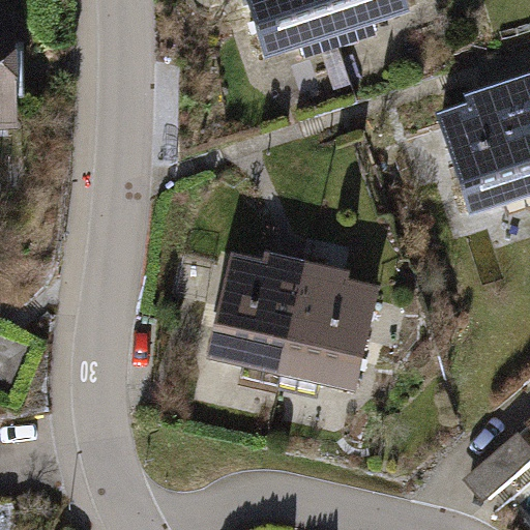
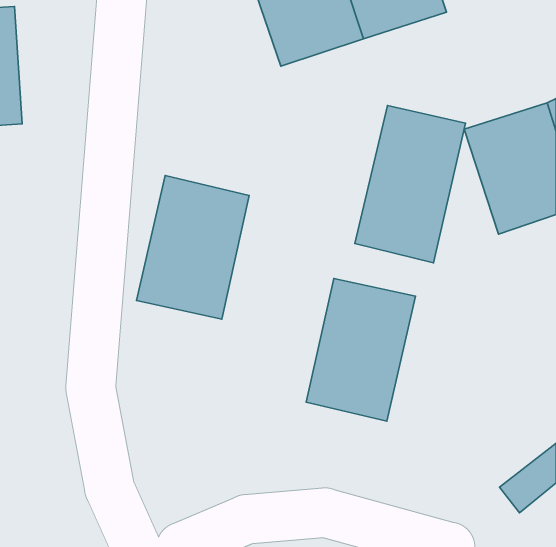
building: none -> [355,106,466,263]
building: [207,242,313,377] -> [137,175,249,319]

